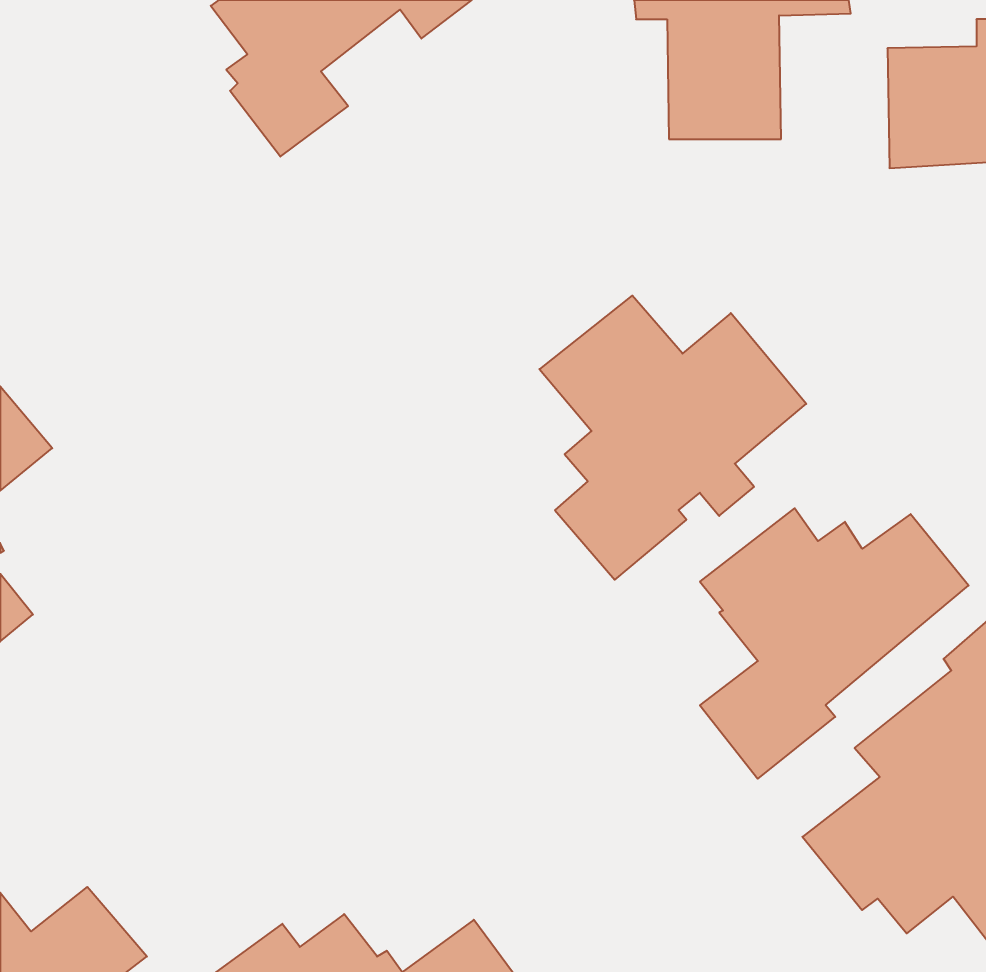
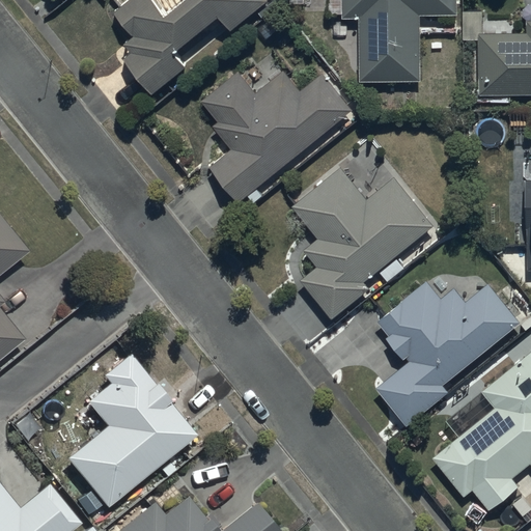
building: none -> [202,71,353,206]
building: none -> [65,353,194,507]

